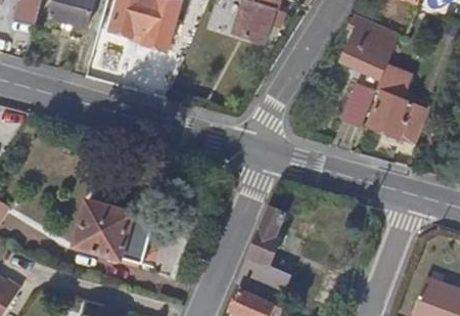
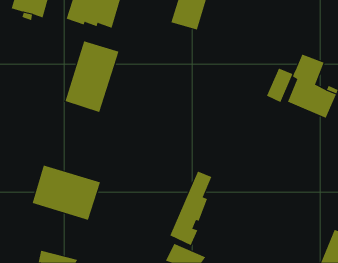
building: [341,15,397,78] -> none
building: none -> [65,40,119,113]

